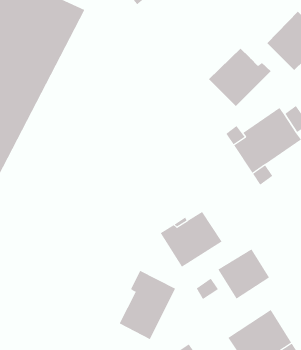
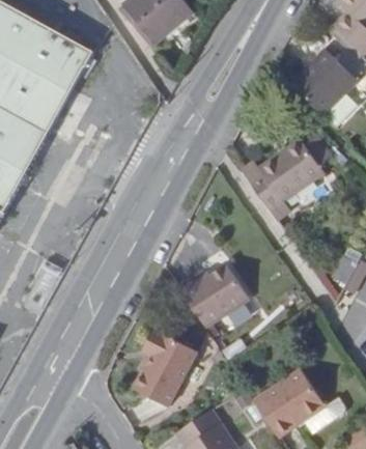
building: [208,48,271,107] -> none
building: [218,249,270,300] -> none

